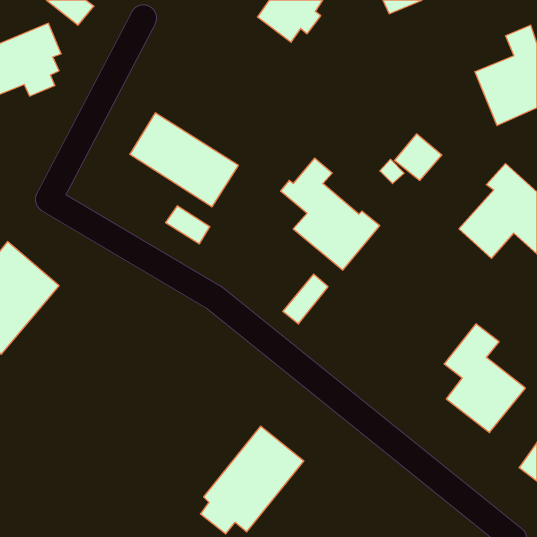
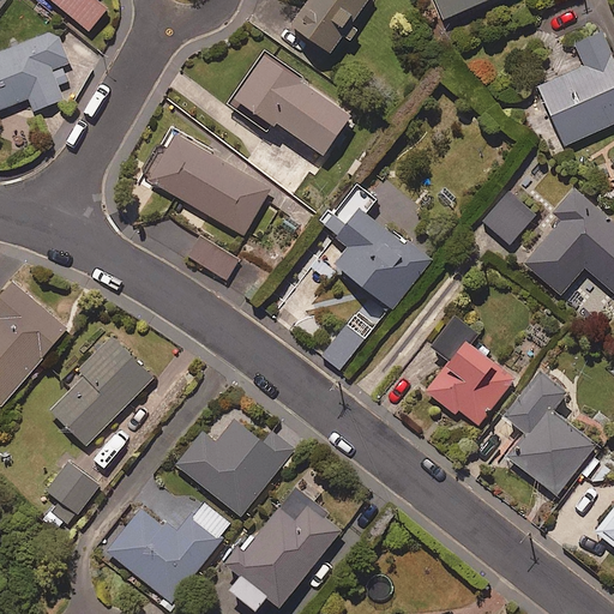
building: none -> [228,52,351,154]
building: [394,134,442,180] -> [482,191,536,243]
building: none -> [425,314,517,426]
building: none -> [48,341,154,446]
building: none -> [177,420,294,517]
building: none -> [46,462,100,528]
building: none -> [104,504,230,604]

